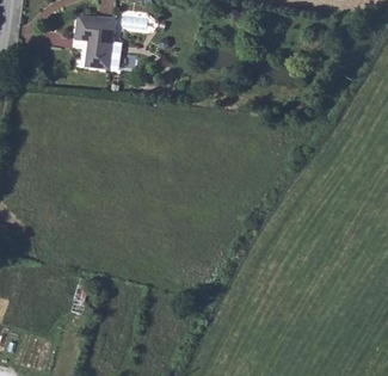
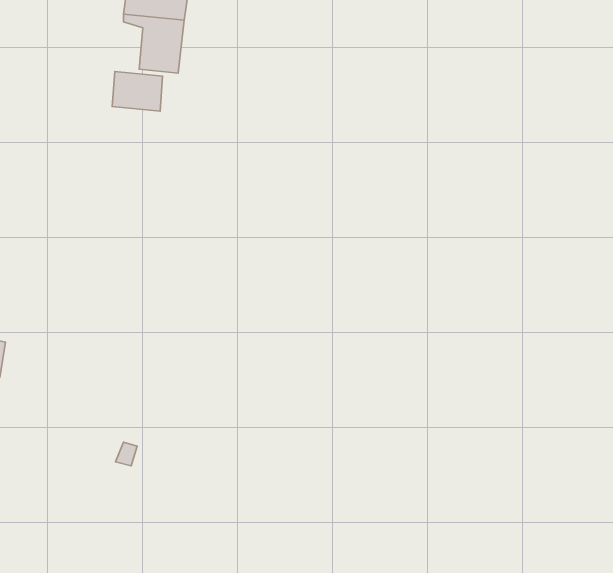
building: none -> [112,72,163,111]

